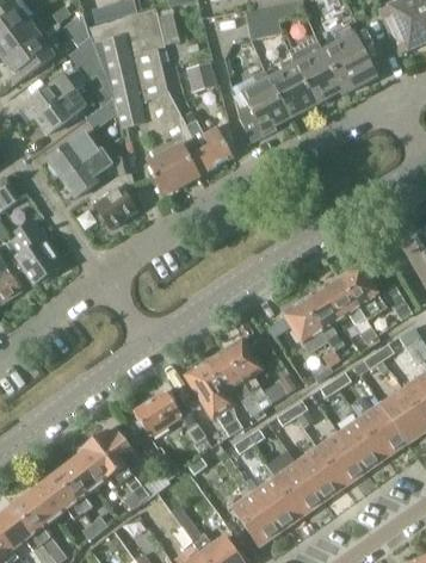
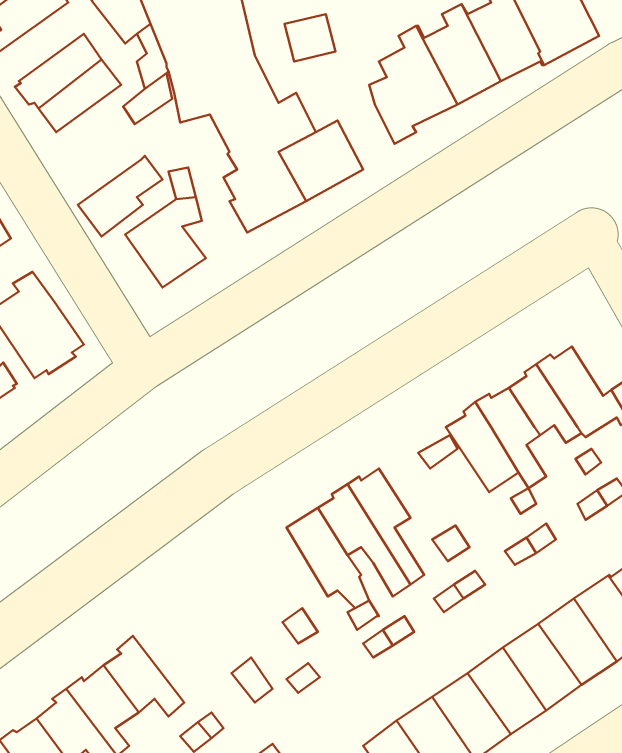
building: [45,130,98,178] -> none
building: [132,389,180,437] -> none
building: [93,428,135,480] -> none

